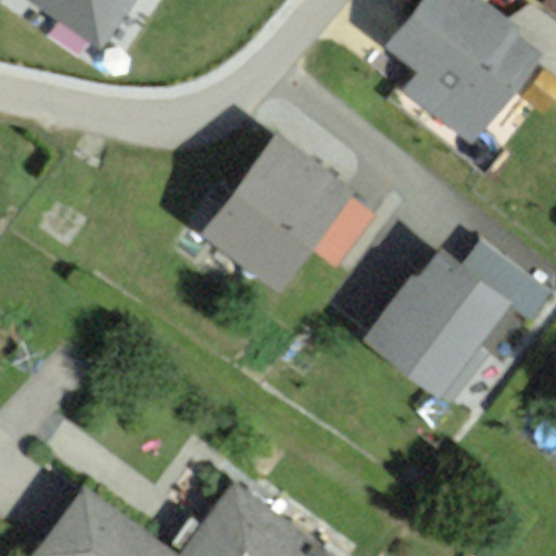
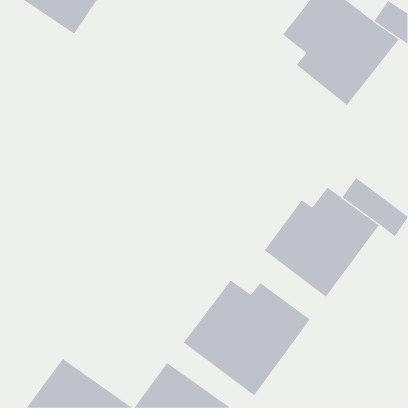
building: [202,138,379,295] -> none
building: none -> [183,280,311,396]

